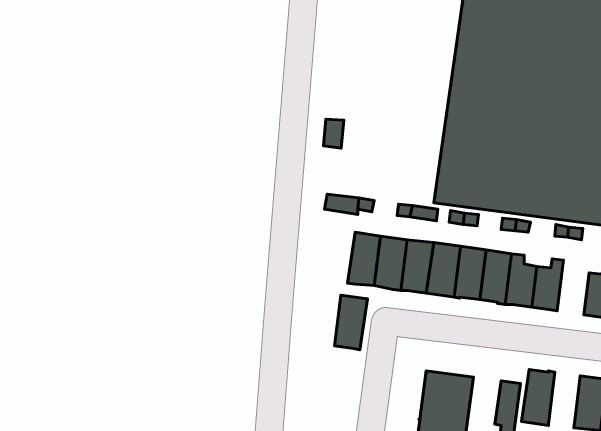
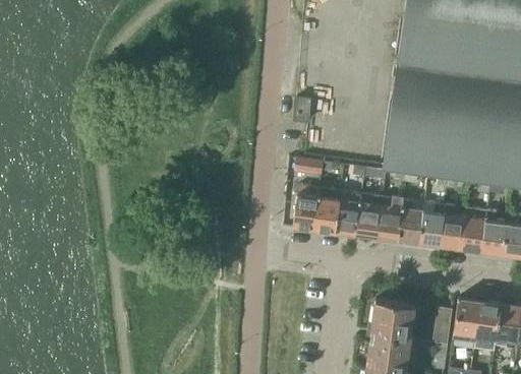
building: none -> [481,210,507,254]
building: [334,295,367,350] -> [293,185,320,229]
building: none -> [474,300,500,342]

